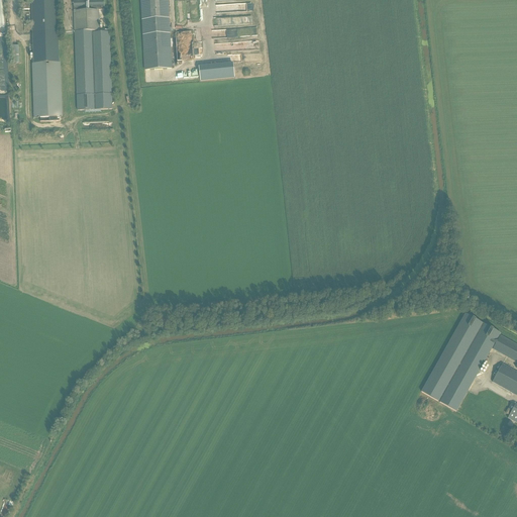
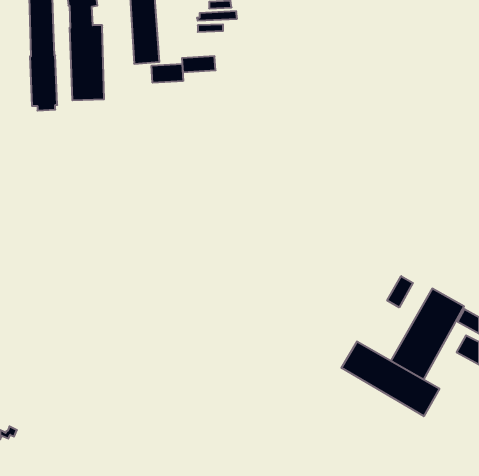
building: none -> [152,64,183,83]
building: none -> [387,276,413,307]
building: none -> [341,341,439,416]

